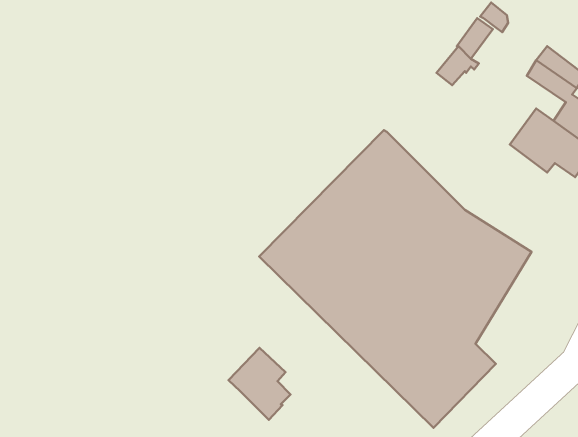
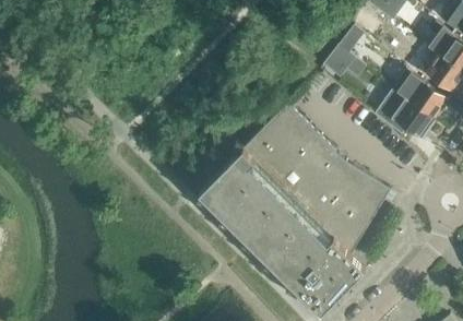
building: [228,348,290,420] -> none

